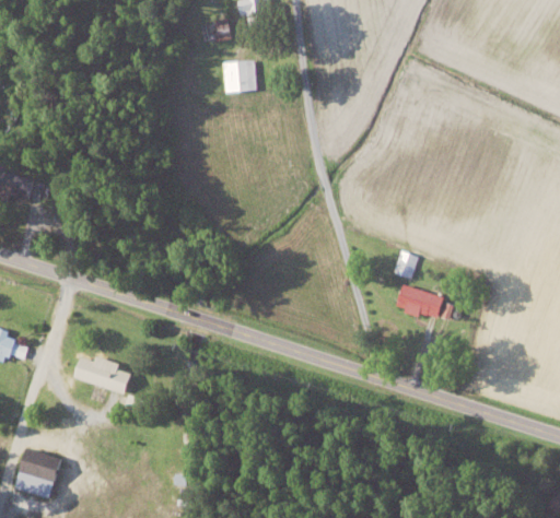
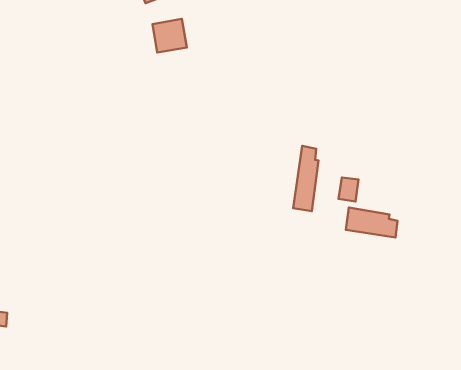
building: none -> [293,146,319,211]
building: [73,356,131,392] -> none

